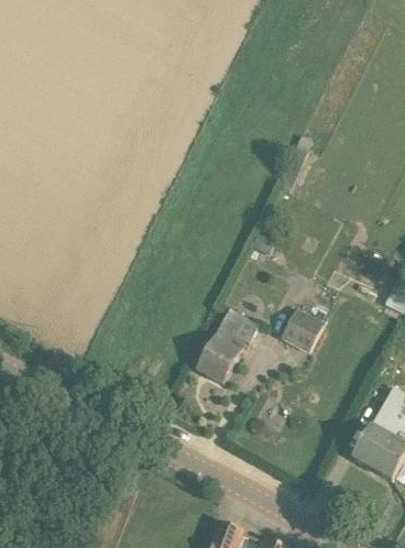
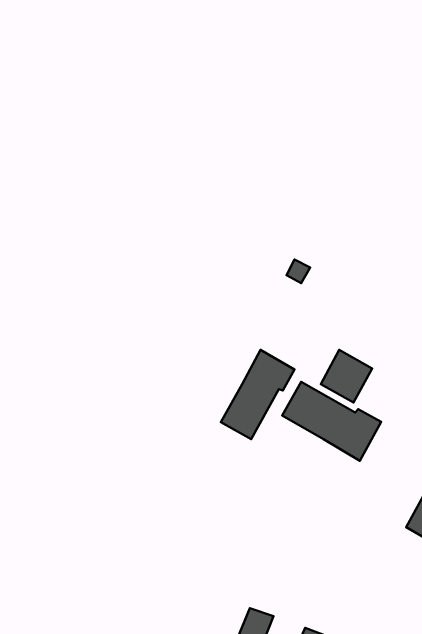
building: none -> [282,382,381,461]

